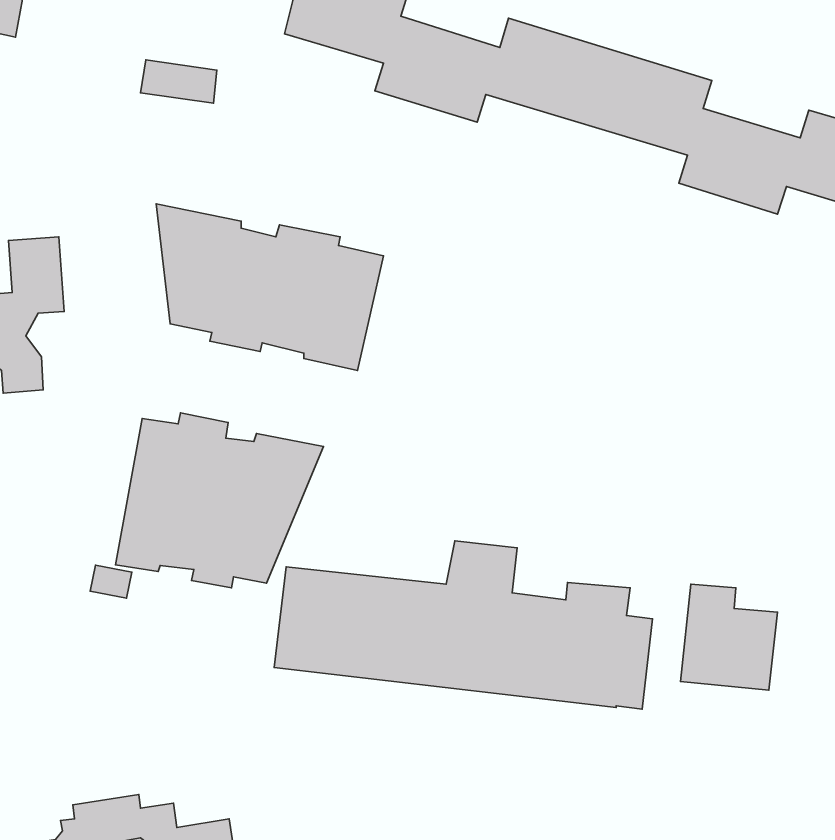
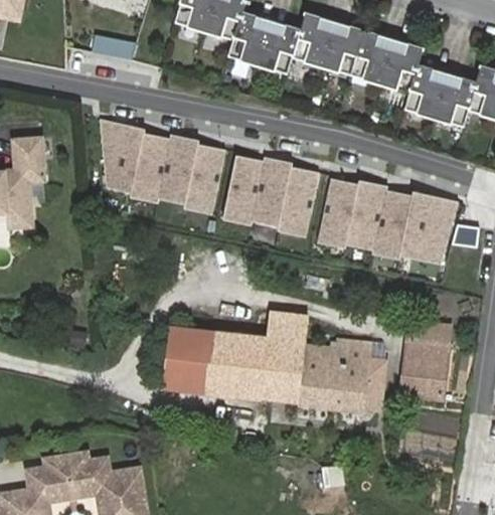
building: none -> [221,157,321,238]
building: none -> [316,178,458,268]
building: [115,413,324,588] -> none

